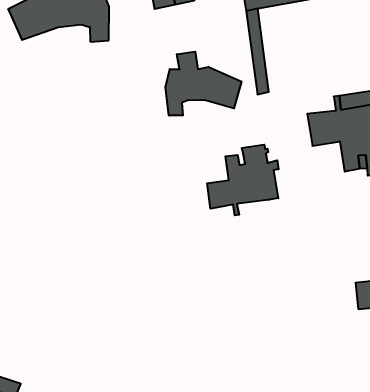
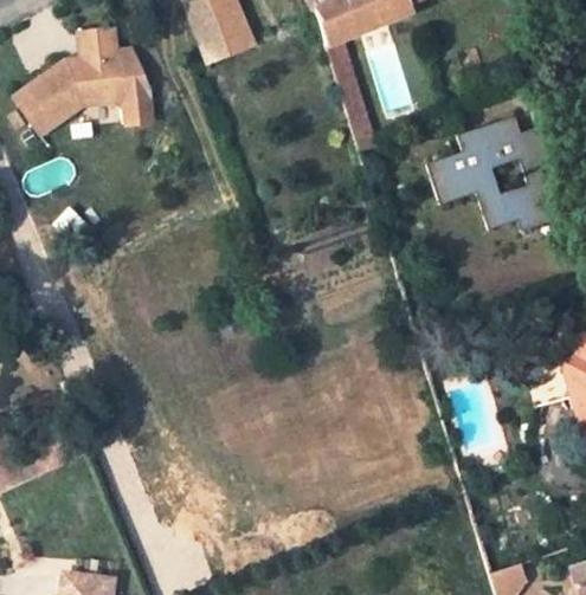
building: [165,52,241,116] -> none
building: [207,145,279,215] -> none

